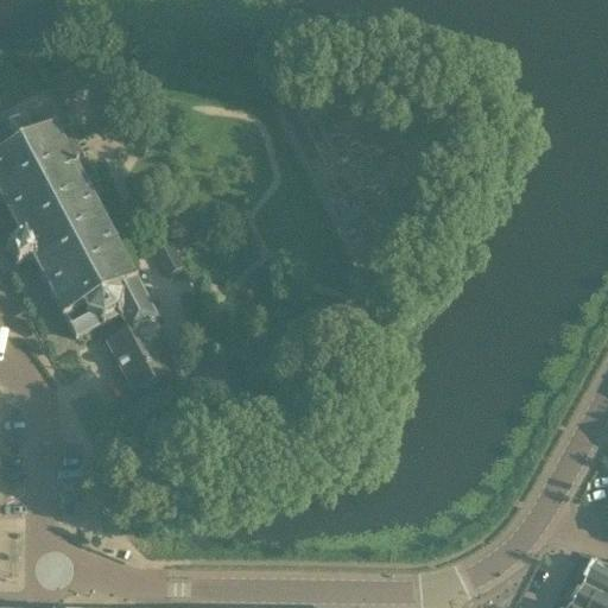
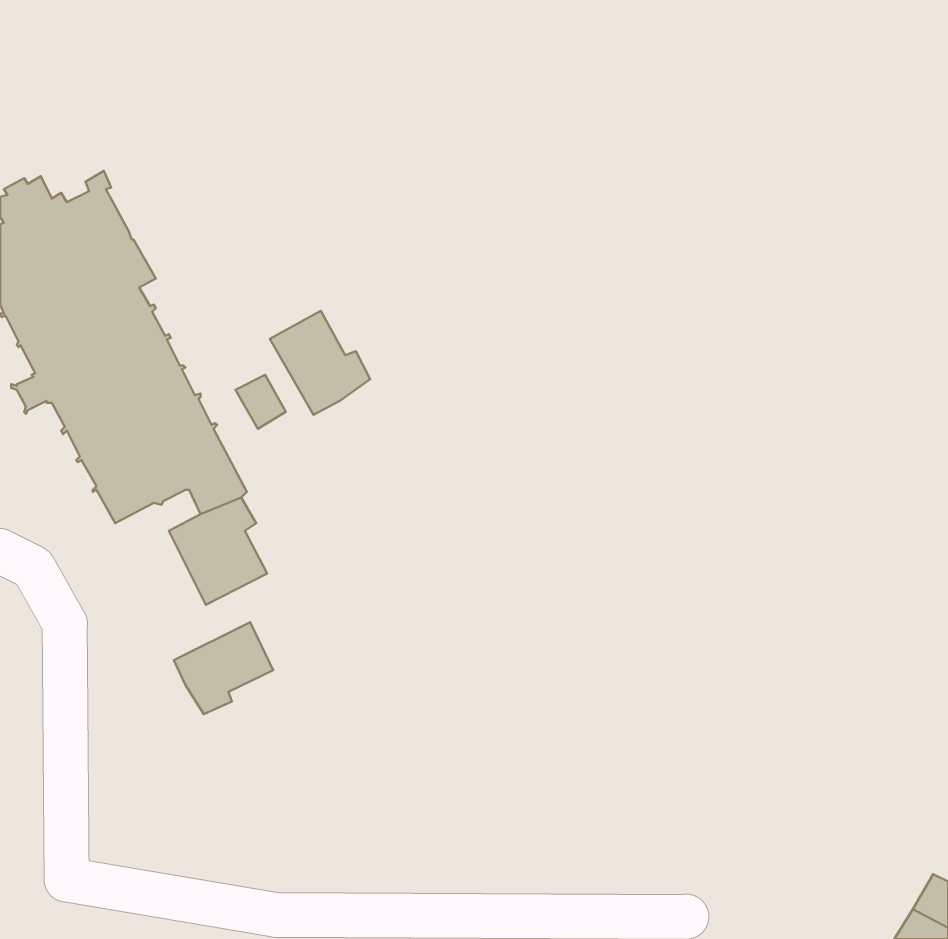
building: none -> [270,311,370,415]
building: none -> [174,622,273,714]

